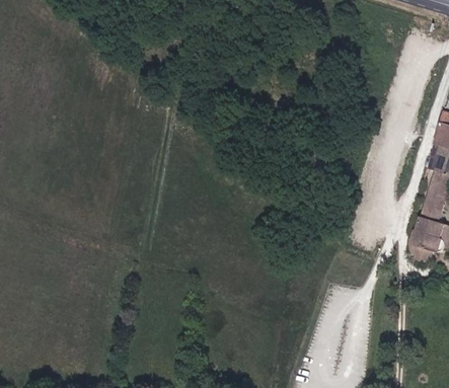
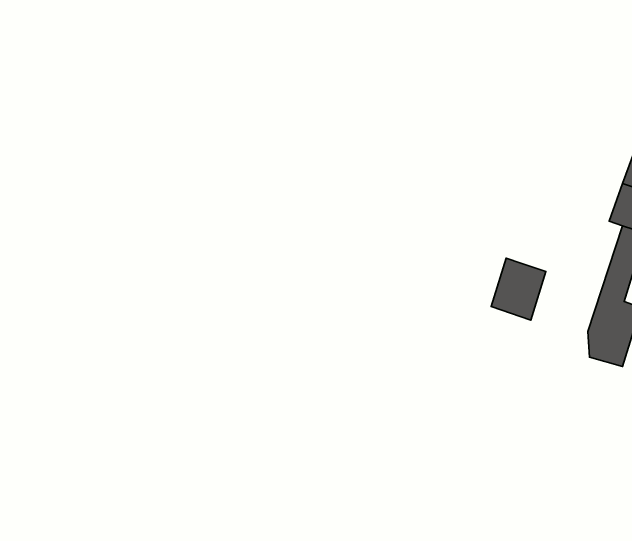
building: none -> [491,258,546,320]

